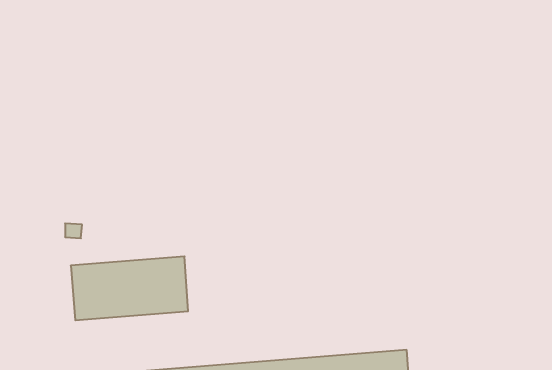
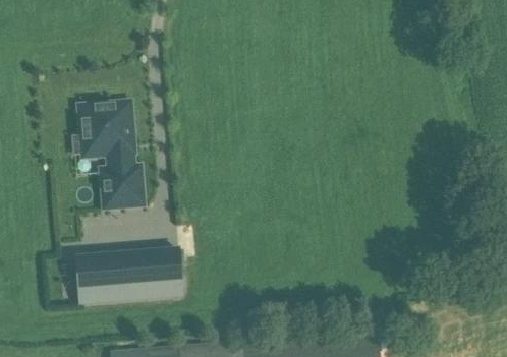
building: none -> [73,101,142,205]

